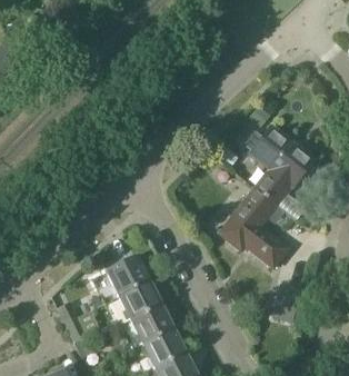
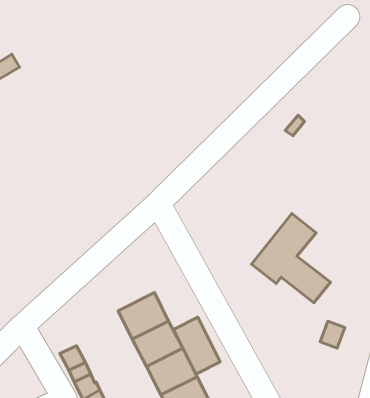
building: [249,125,316,205] -> none
building: none -> [173,317,220,374]

